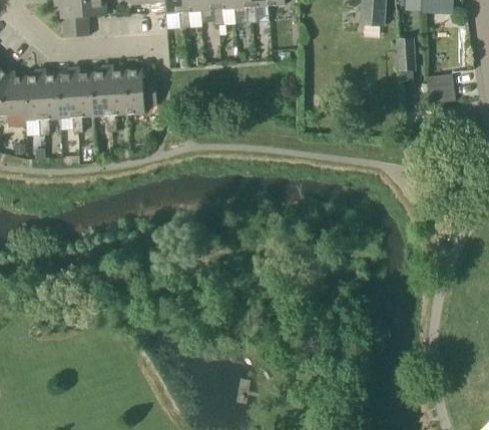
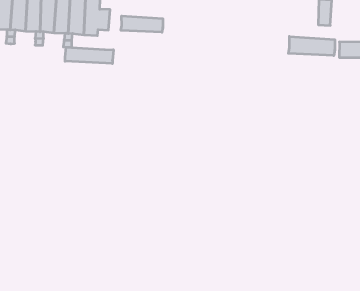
building: none -> [288,36,335,56]
building: none -> [121,16,163,32]
building: none -> [65,47,113,64]

